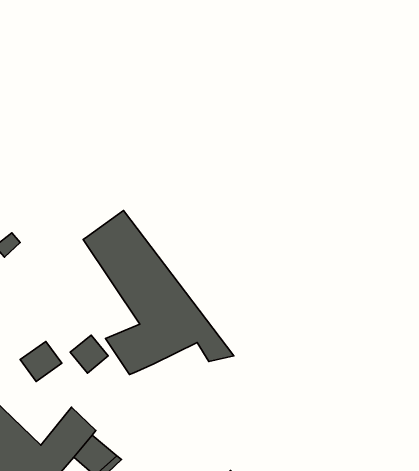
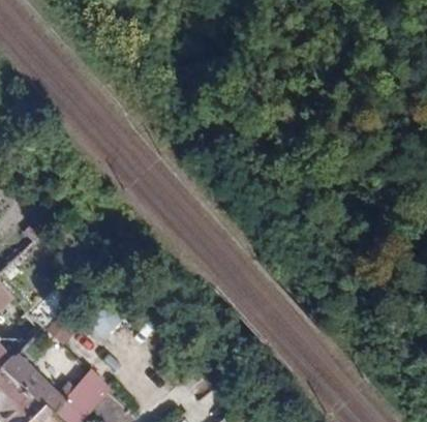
building: [83,211,234,374] -> none

